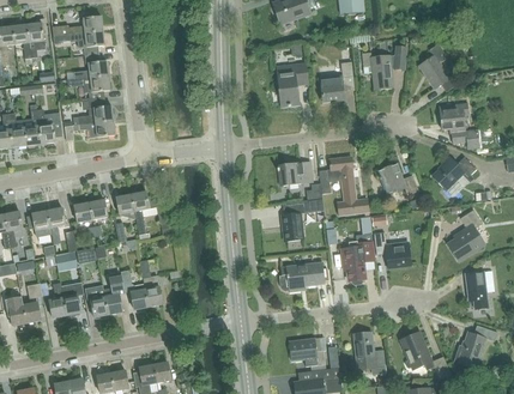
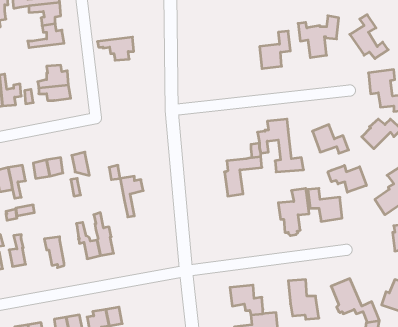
building: [278,63,308,107] -> none
building: [69,74,109,99] -> [97,37,134,60]
building: [279,162,313,186] -> none
building: [131,190,156,235] -> [120,176,143,217]
building: none -> [328,165,366,192]
building: [280,262,326,292] -> none
building: [103,274,125,314] -> none
building: [61,280,83,317] -> none

